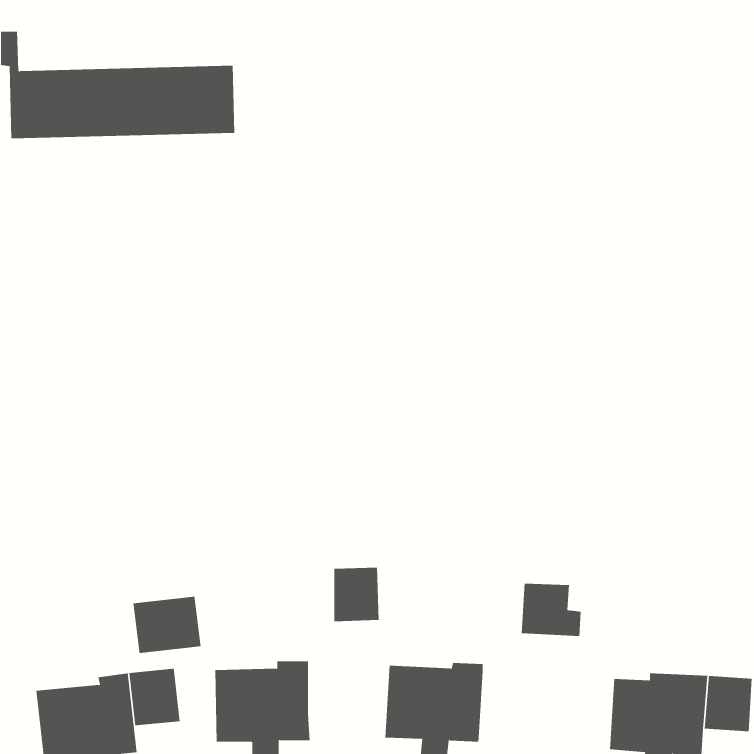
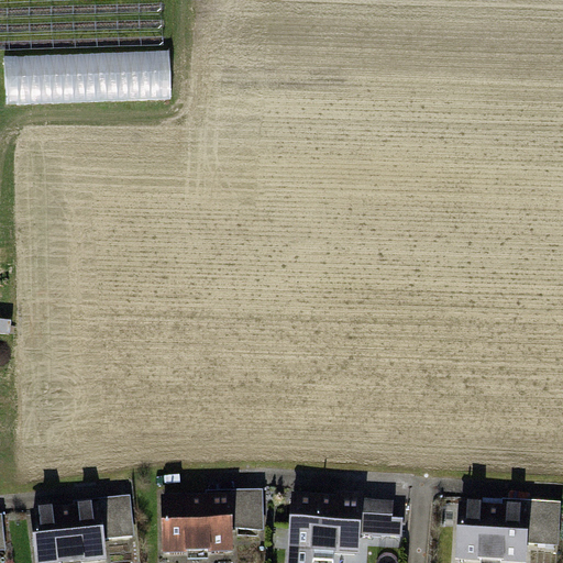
building: [334,567,379,622] -> [231,492,265,532]
building: [521,583,582,637] -> [358,500,404,540]
building: [133,596,201,654] -> none

